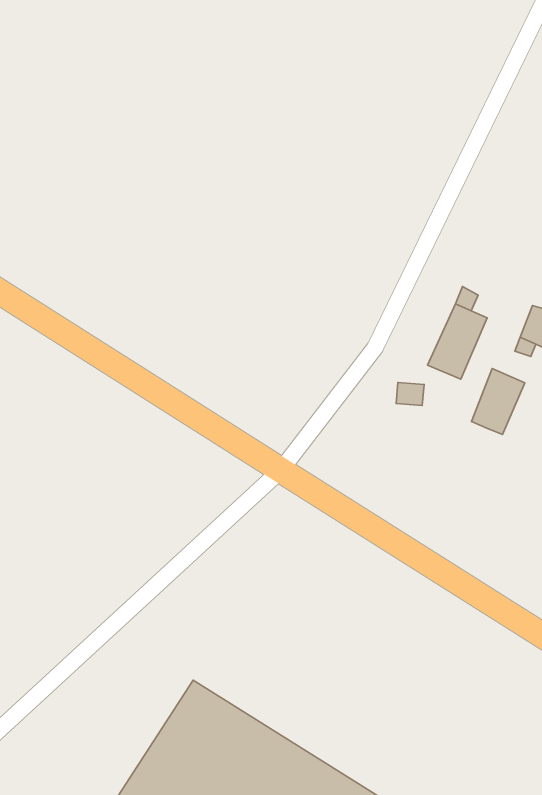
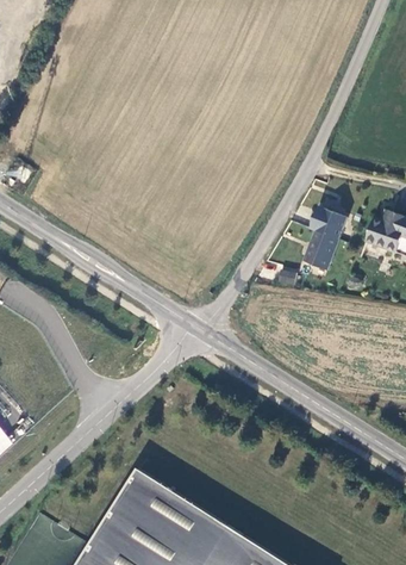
building: [471,369,525,435] -> none

